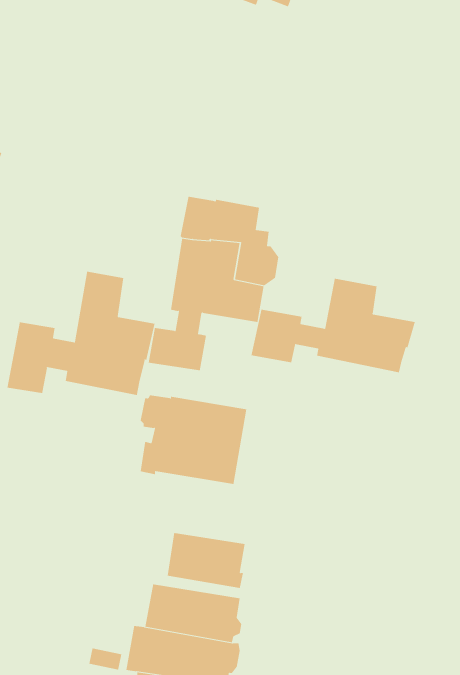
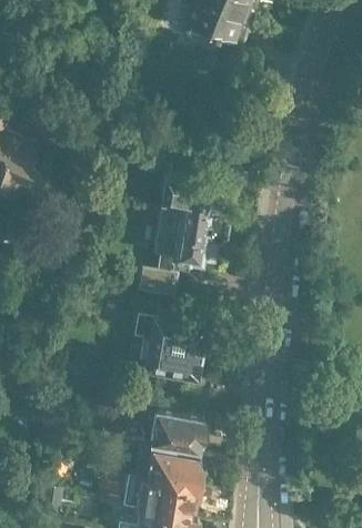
building: [7,271,155,396] -> none
building: [251,278,415,373] -> none

